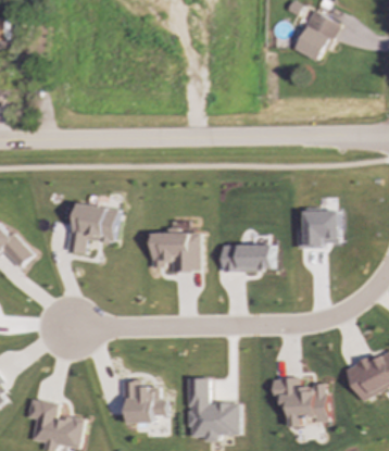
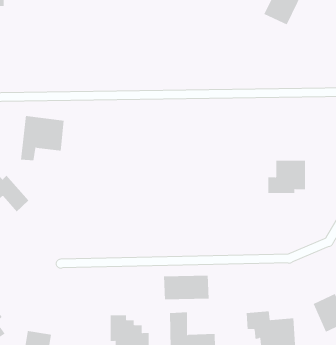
building: [70,203,118,253] -> [20,116,65,161]
building: [152,231,201,272] -> none
building: [222,245,273,272] -> [163,275,210,300]

